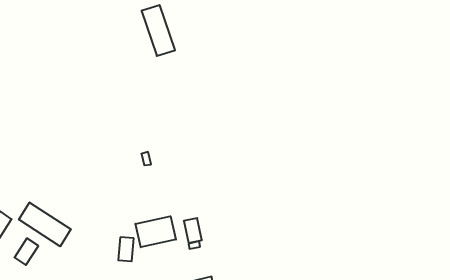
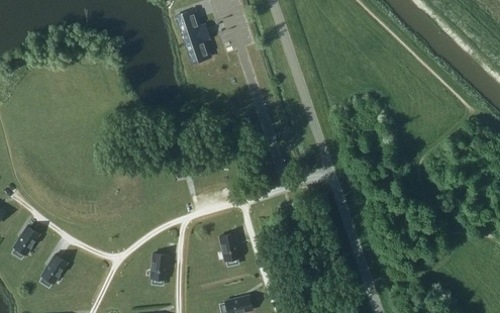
building: [19,202,71,246] -> none
building: [135,216,176,247] -> none

